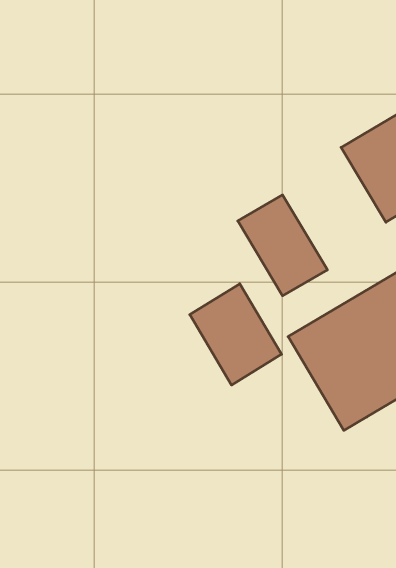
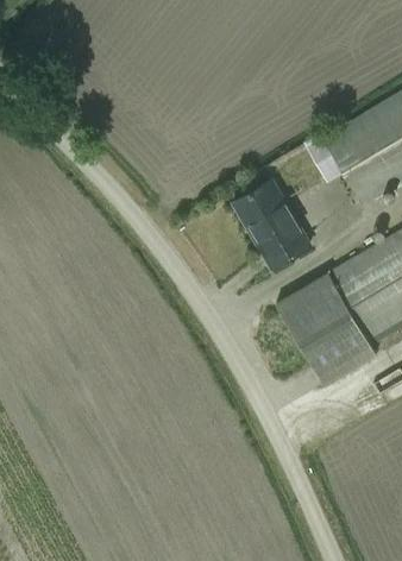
building: [190,284,282,385] -> none

